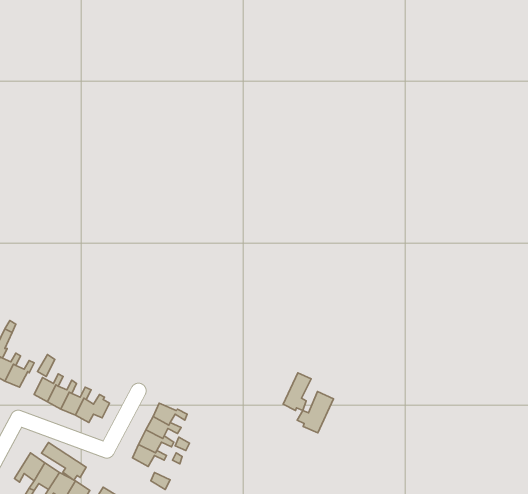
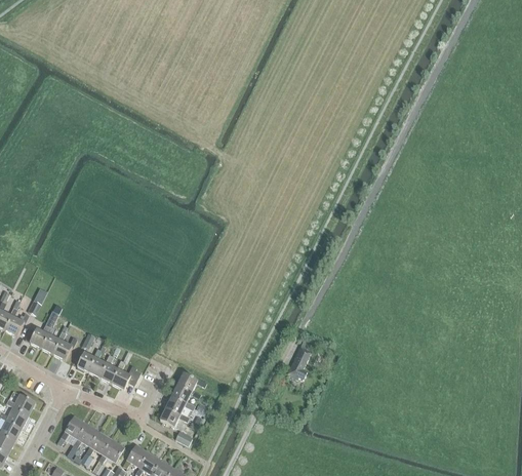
building: [297,392,333,433] -> none
building: [41,443,86,480] -> none

